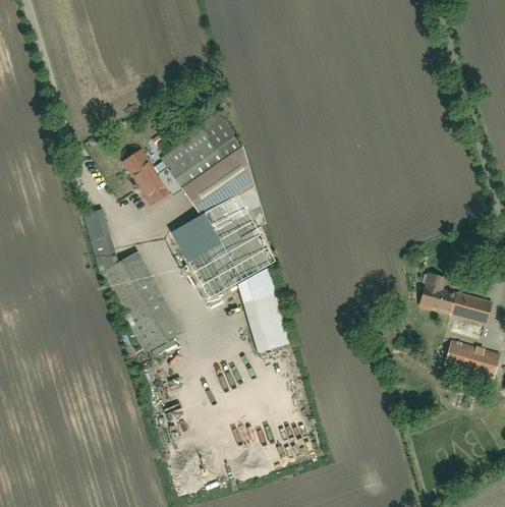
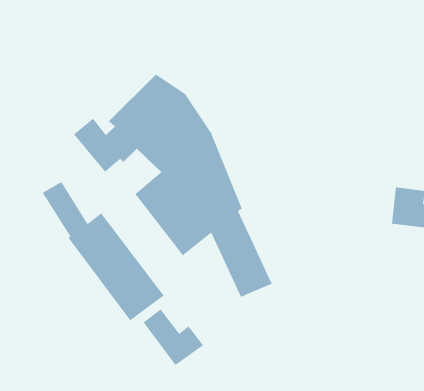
building: none -> [143,309,204,366]

